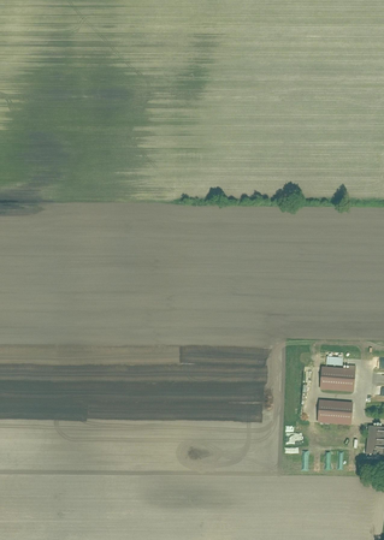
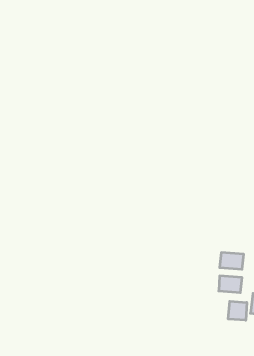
building: none -> [228,301,247,320]

